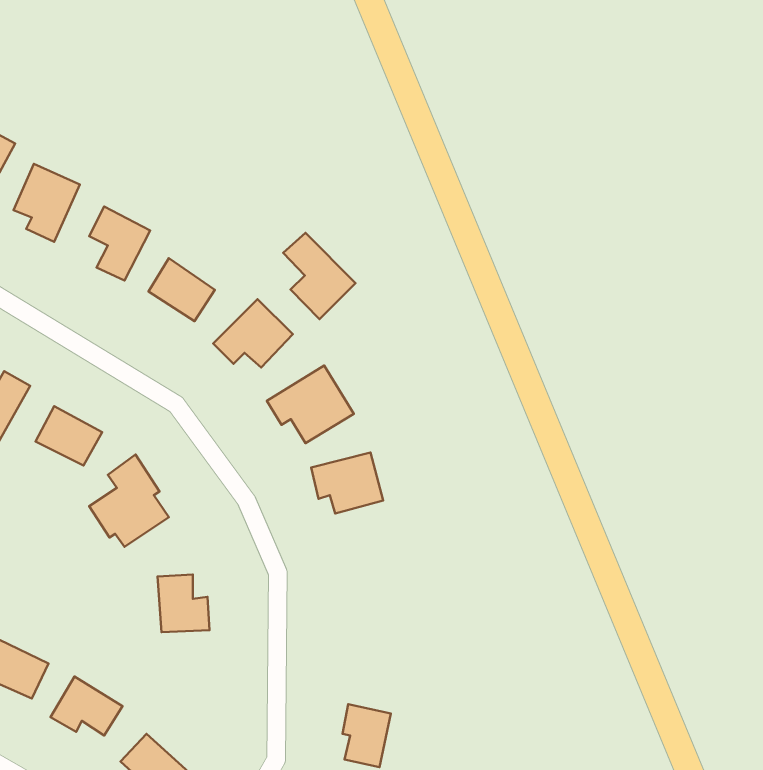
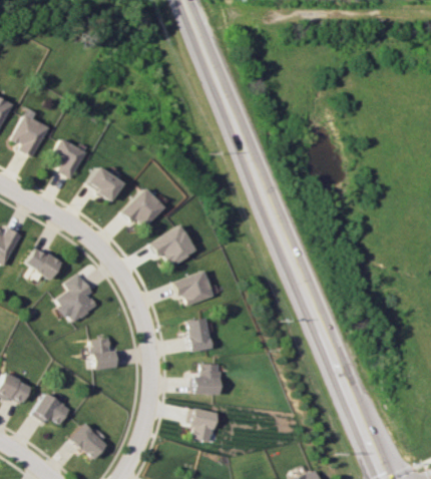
building: [283,233,356,319] -> none
building: none -> [186,317,212,352]
building: none -> [194,364,221,394]

